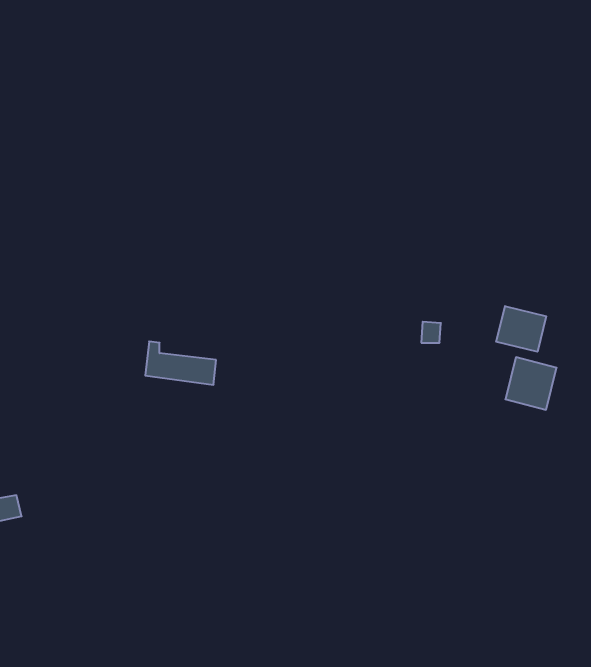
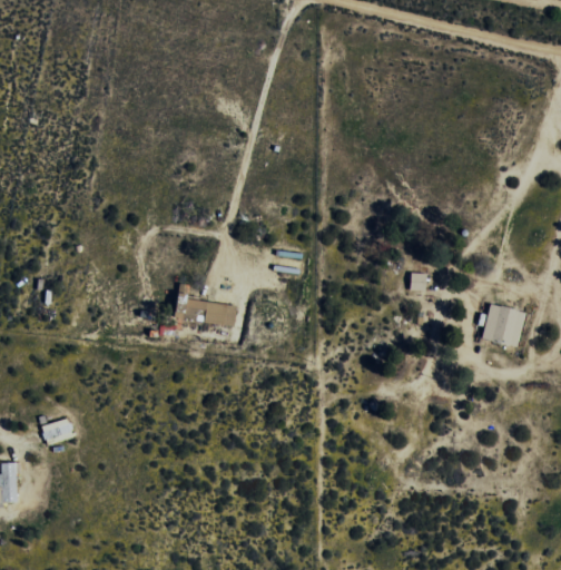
building: [496,306,546,352] -> none

